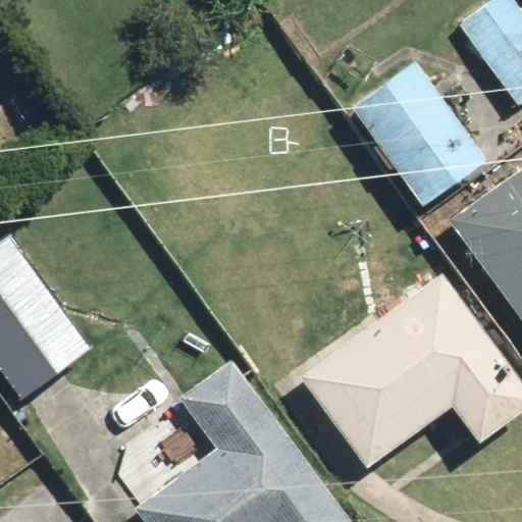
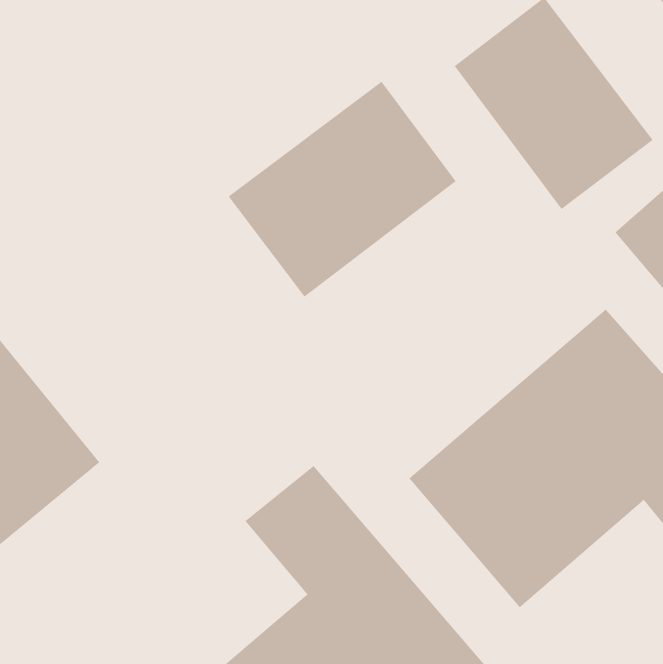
building: none -> [228,81,456,298]

